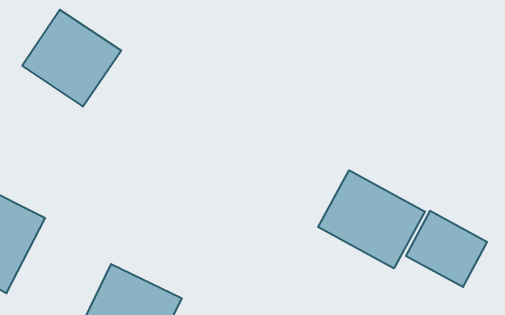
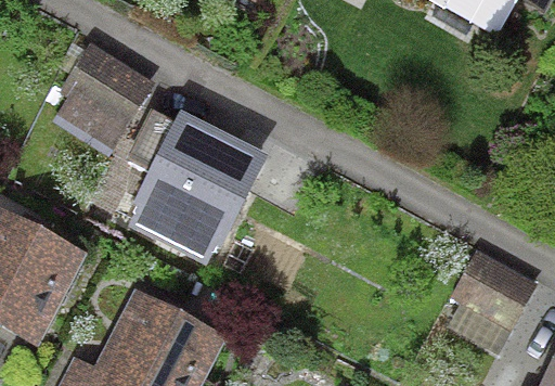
building: none -> [146,127,257,243]
building: [318,170,425,268] -> none

